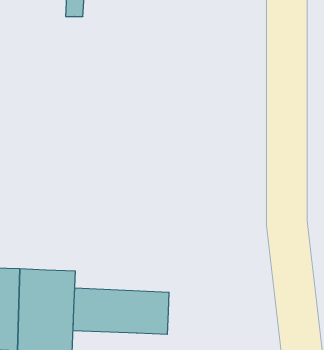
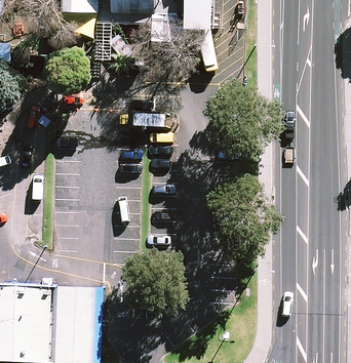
building: [73,288,169,334] -> none

